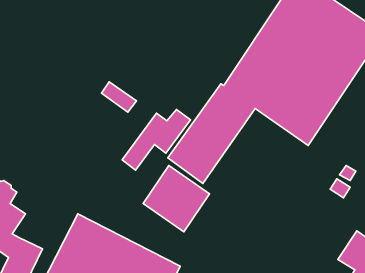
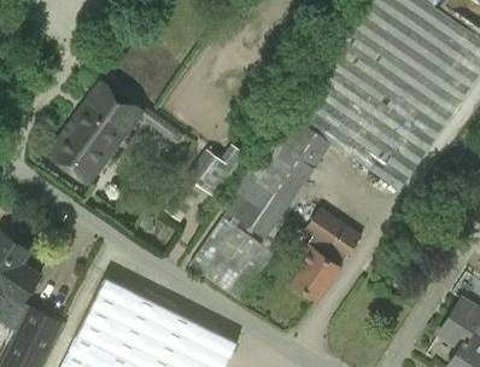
building: none -> [47,80,142,183]
building: none -> [292,206,361,299]

